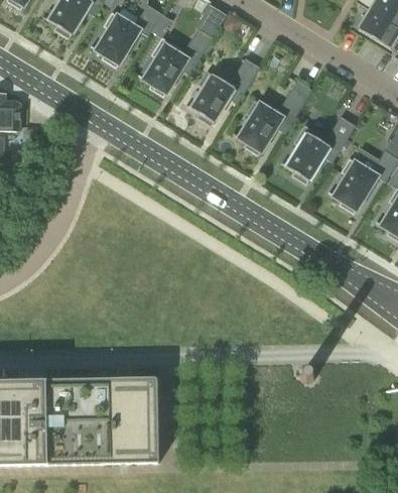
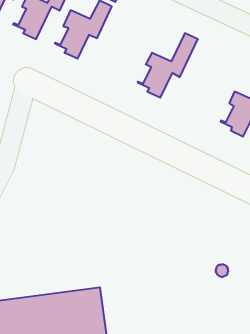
building: [184,57,259,126] -> none
building: [280,115,355,183] -> none

